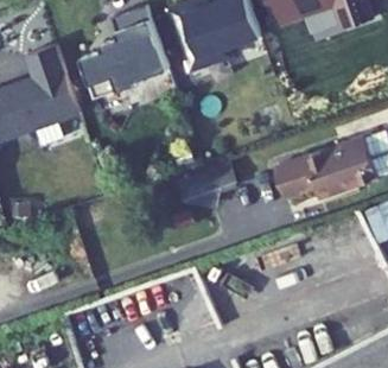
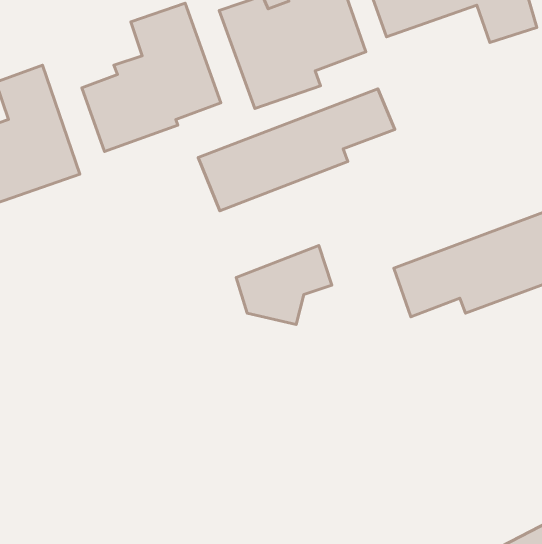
building: none -> [198,89,395,211]

